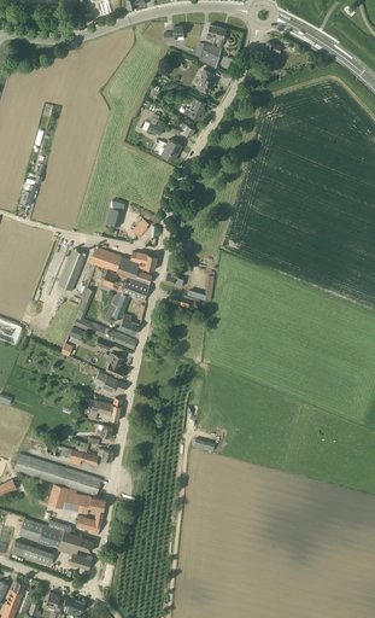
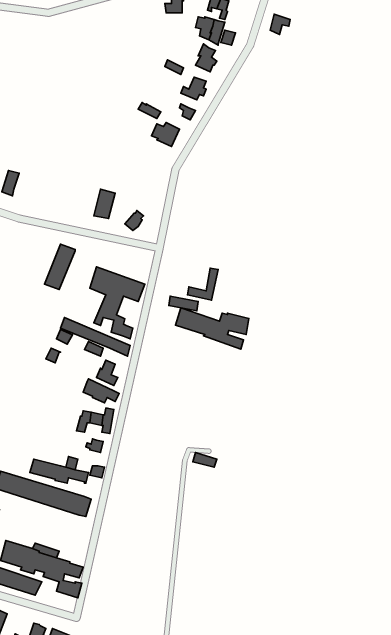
building: [90,246,157,284] -> [175,308,249,349]
building: [48,484,106,535] -> none

